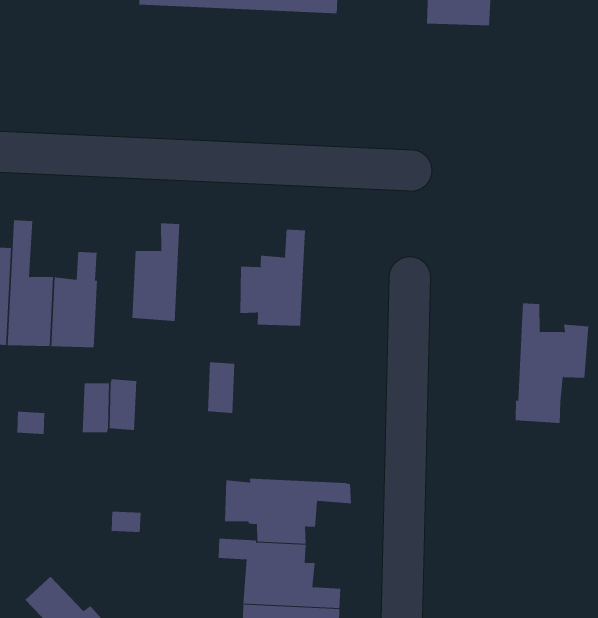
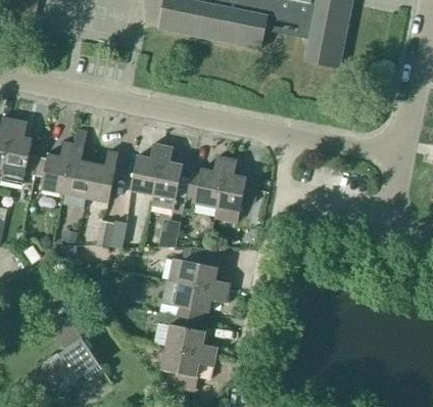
building: none -> [151,144,183,209]
building: [515,303,589,423] -> [213,157,259,223]
building: none -> [167,246,230,291]

